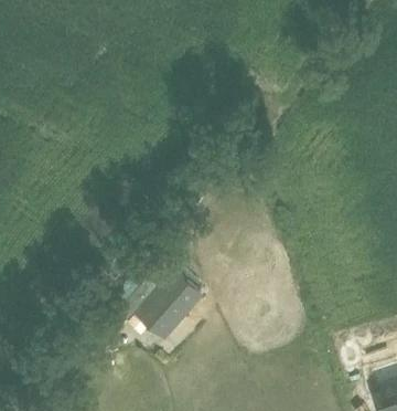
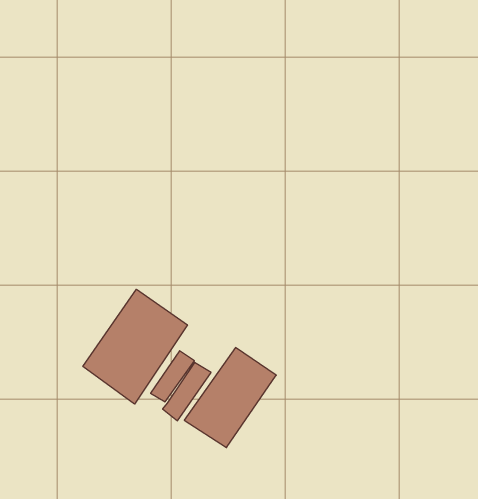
building: none -> [83,289,187,404]

